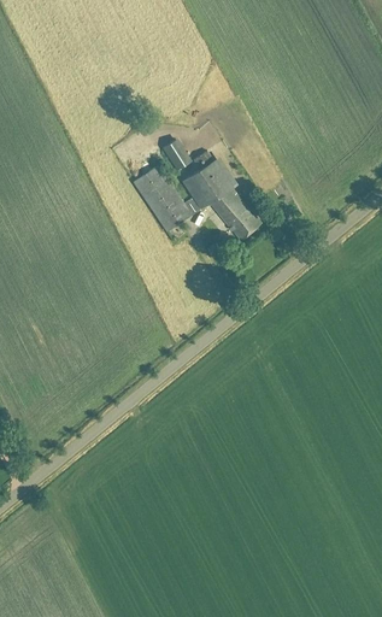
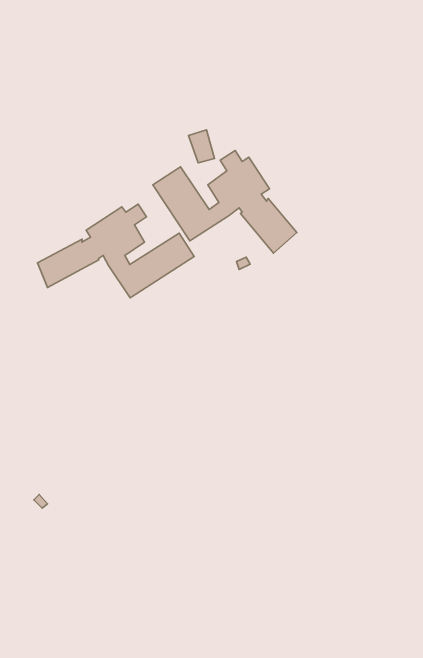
building: none -> [37,204,194,298]

